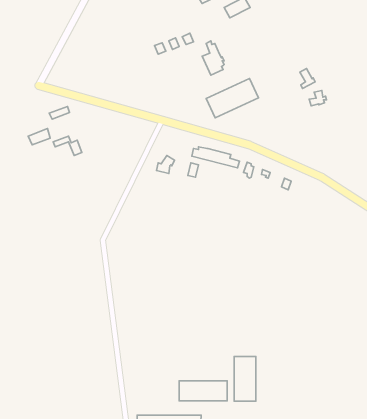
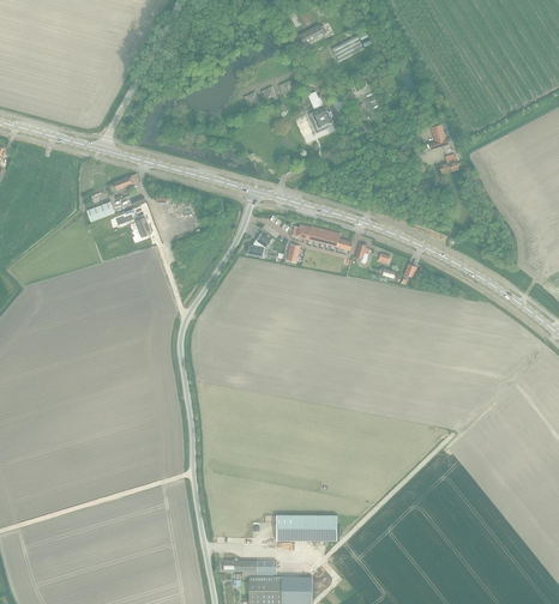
building: [206,79,259,118] -> none
building: [234,357,256,401] -> none

